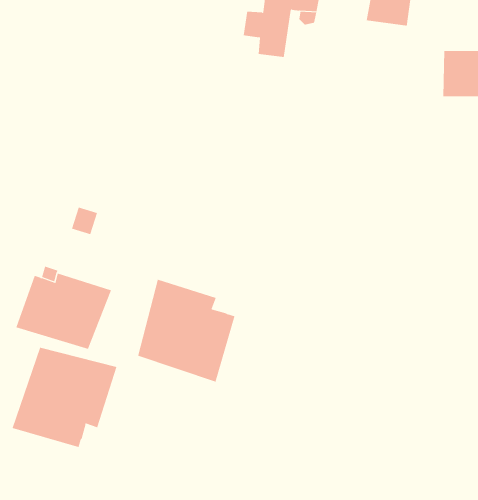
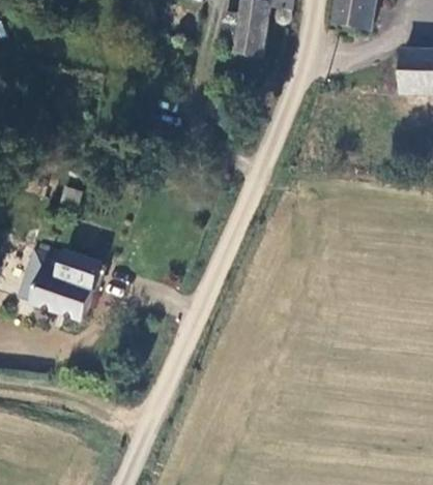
building: [137,279,235,383] -> none
building: [12,347,117,448] -> none

